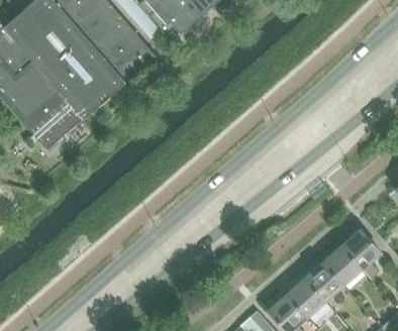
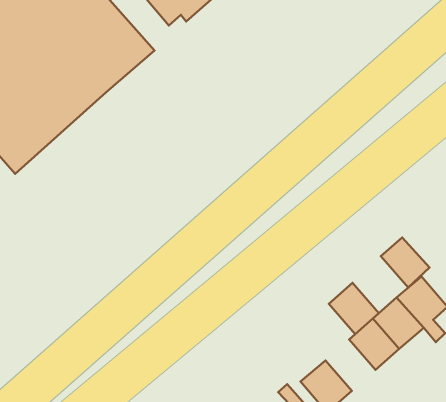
building: none -> [381,237,429,288]
building: [287,278,325,317] -> [329,283,379,334]

